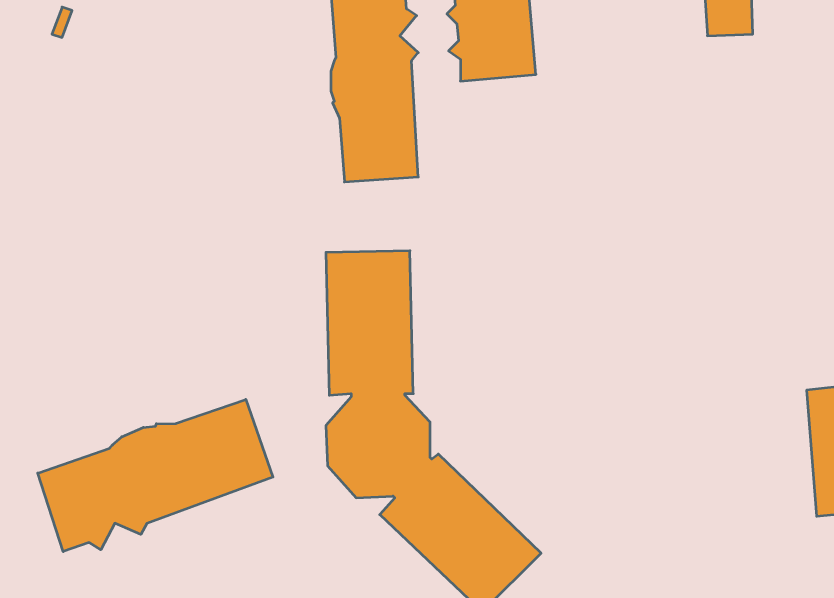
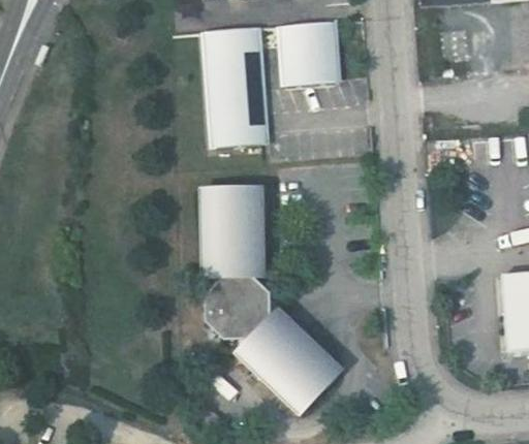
building: [38,399,273,552] -> none

